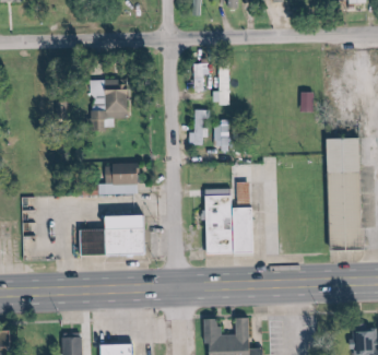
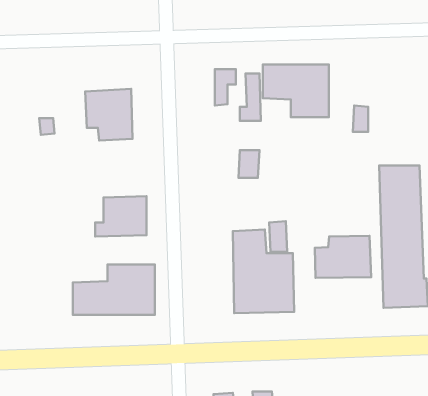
building: none -> [263,65,329,117]
building: [188,110,205,145] -> none
building: none -> [315,236,371,278]

